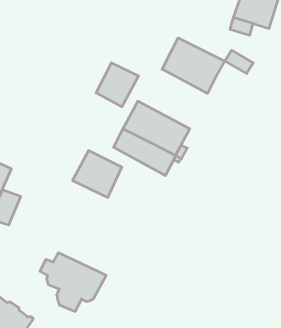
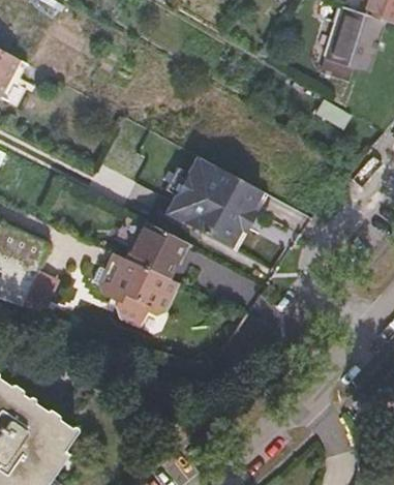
building: [162,38,225,93] -> none
building: [96,63,138,107] -> none
building: [40,253,106,311] -> [95,255,177,328]

